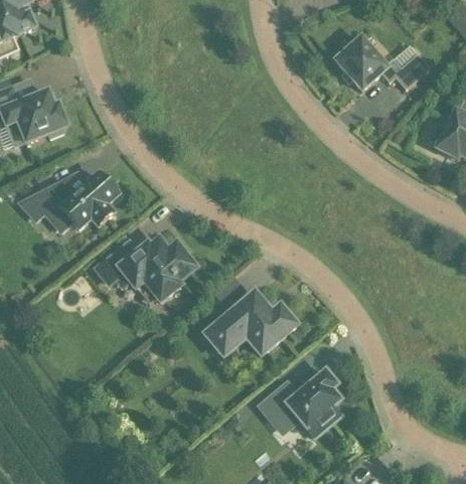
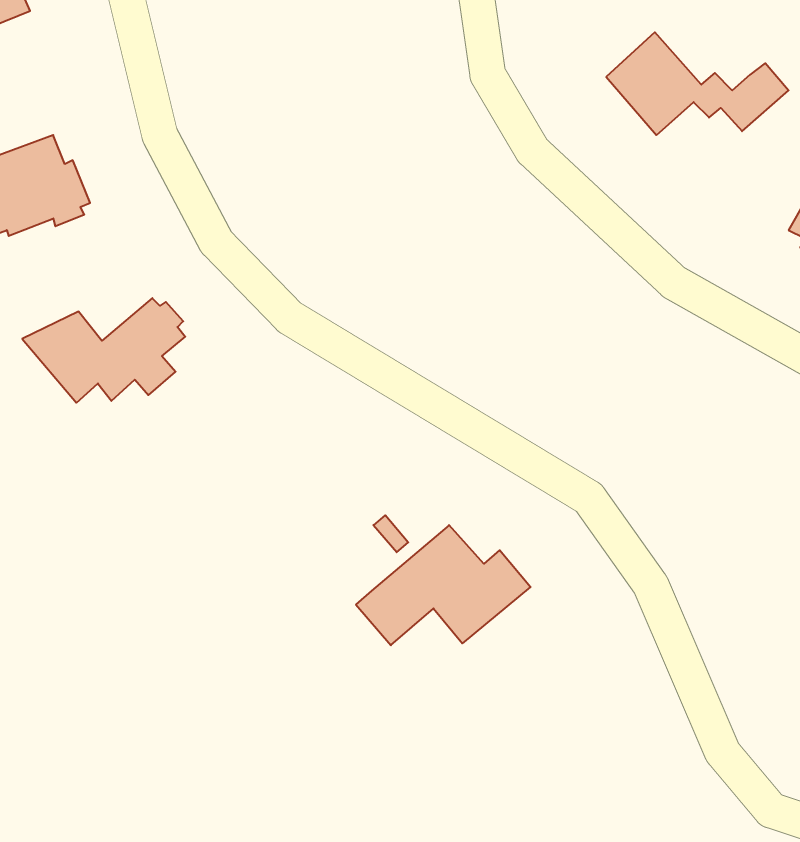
building: [94,239,195,299] -> none
building: [258,369,342,437] -> none

